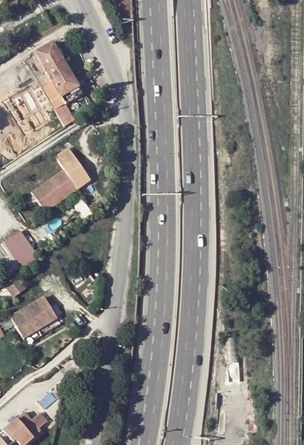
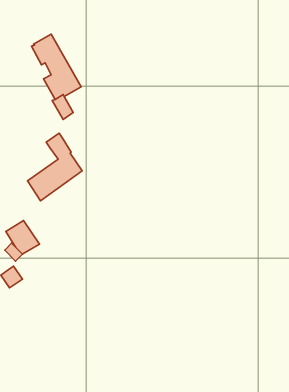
building: [11,295,57,344] -> none

